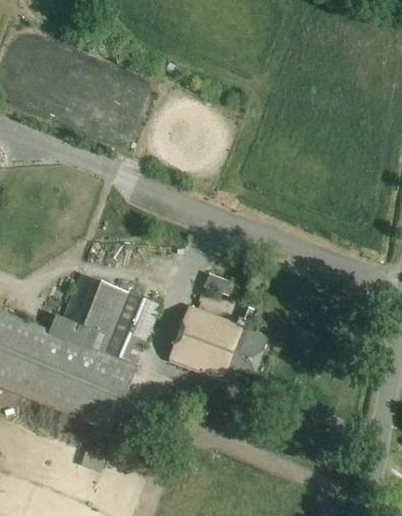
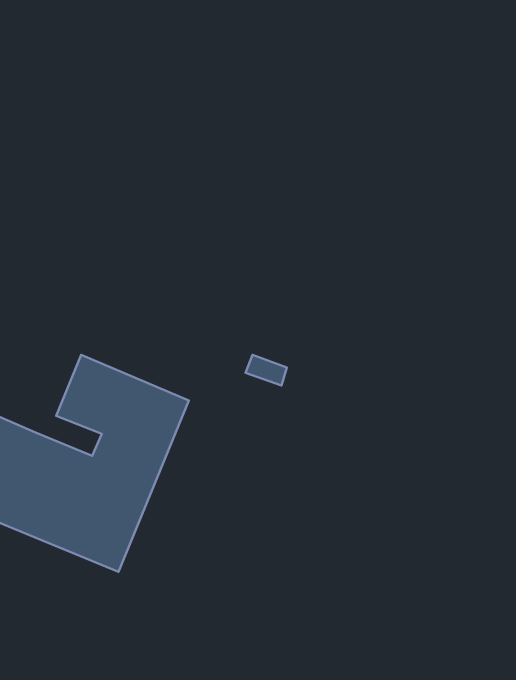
building: [166,303,266,382] -> none

